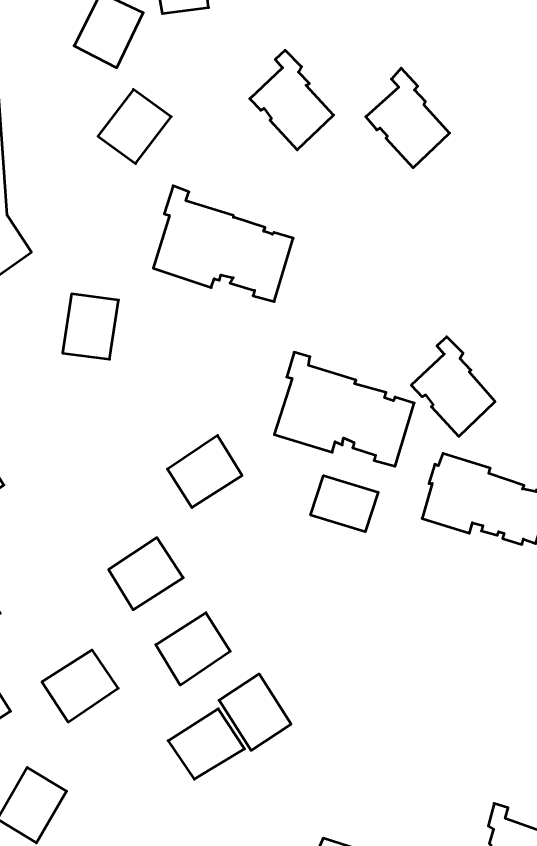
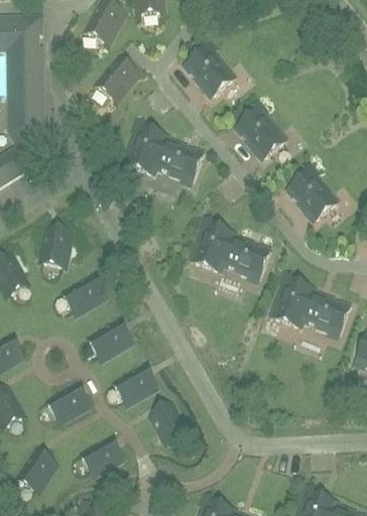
building: [366,68,450,168] -> [236,102,284,160]
building: [63,294,119,359] -> [38,230,73,269]
building: [411,337,495,436] -> [287,164,336,223]
building: [167,435,242,508] -> [62,275,105,316]
building: [311,476,378,532] -> none
building: [168,709,245,779] -> [79,437,123,478]

